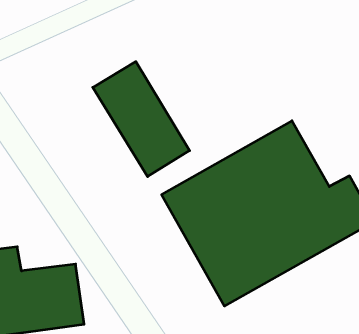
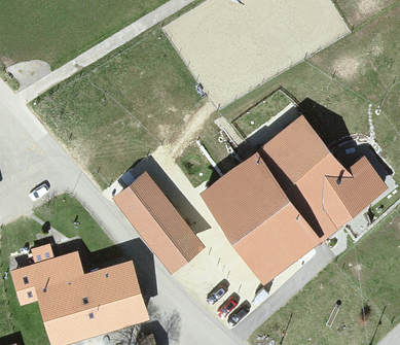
building: [93,62,190,177] -> [115,175,206,274]

